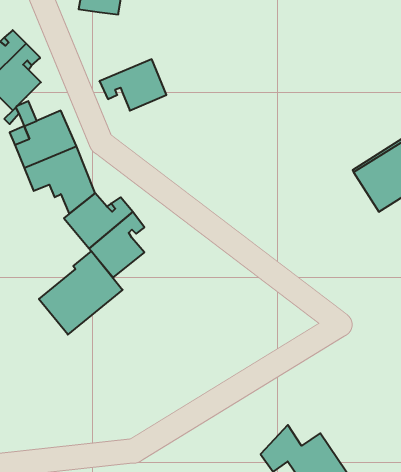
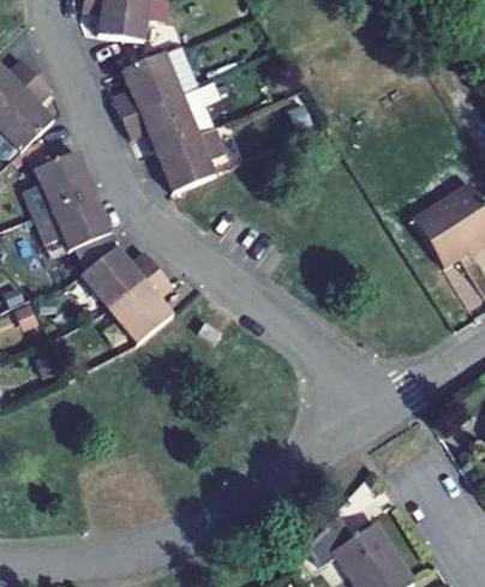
building: none -> [113,46,199,118]
building: none -> [156,126,226,192]
building: [39,251,123,335] -> none

